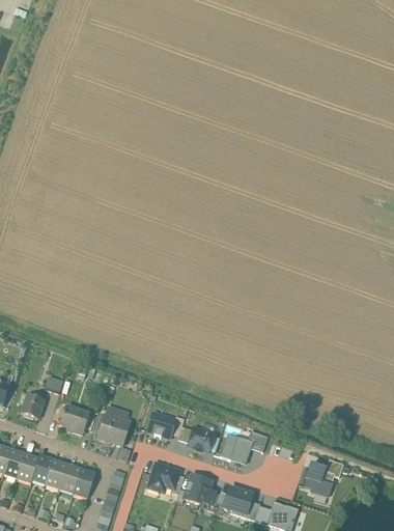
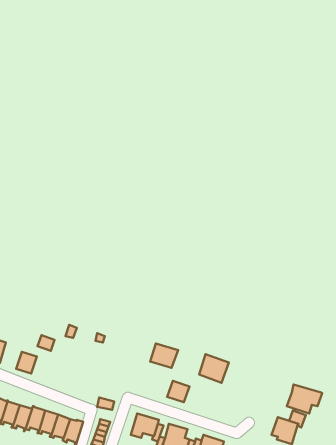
building: [60,406,88,434] -> none
building: [145,411,176,438] -> [150,344,178,368]
building: [97,415,130,445] -> none
building: none -> [287,385,322,414]
building: [220,432,253,465] -> [199,354,229,383]

